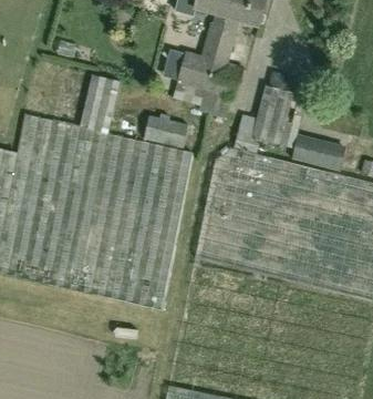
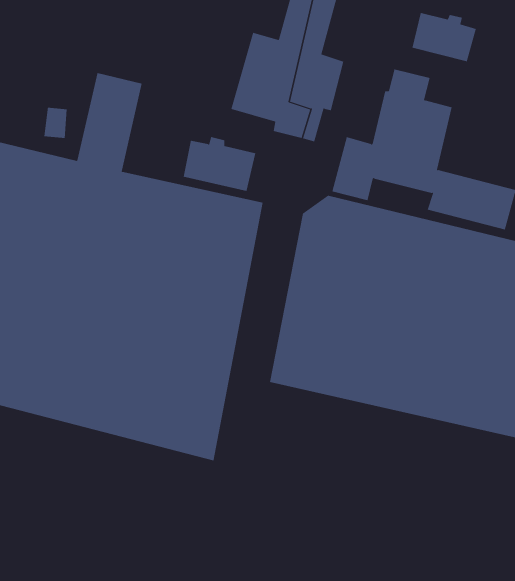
building: none -> [412,12,476,62]

